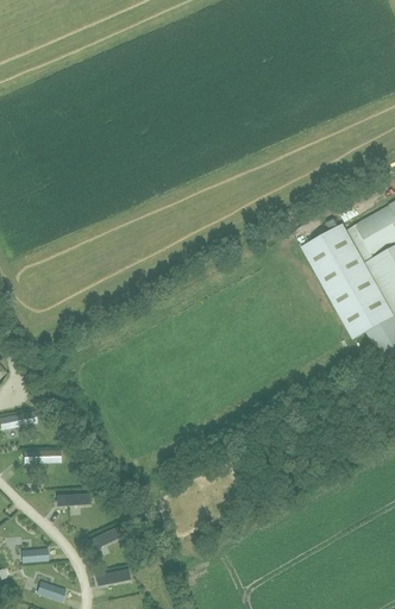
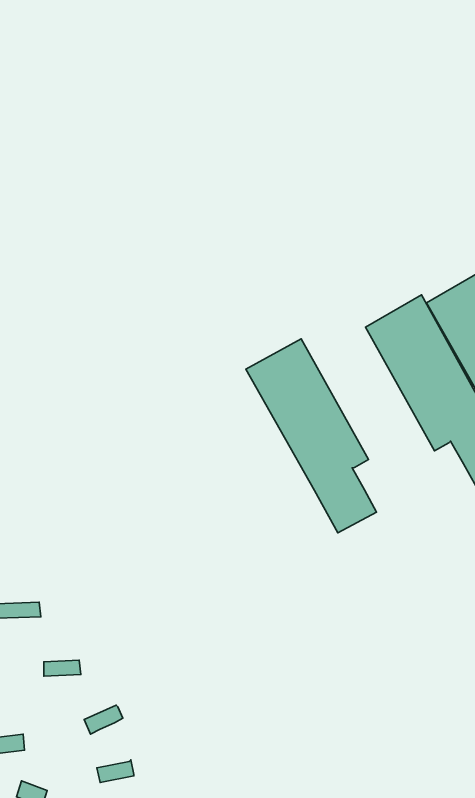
building: none -> [246,339,376,533]

